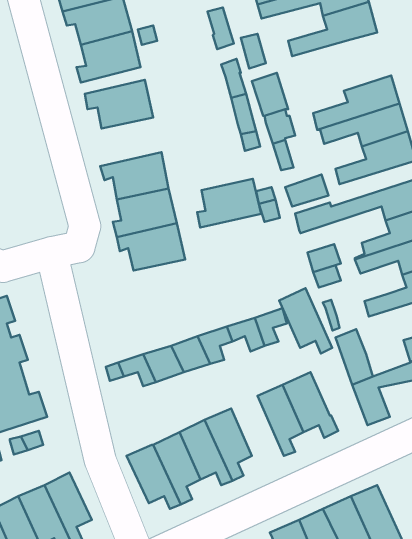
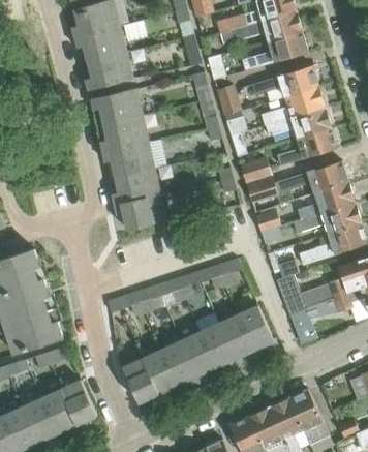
building: none -> [250,65,318,96]
building: [197,179,261,228] -> [100,116,148,152]
building: [279,288,332,354] -> [200,323,239,371]

